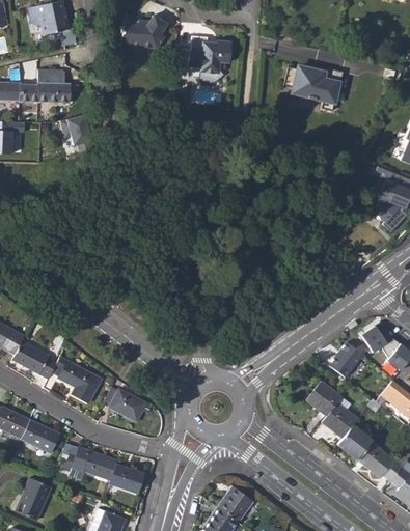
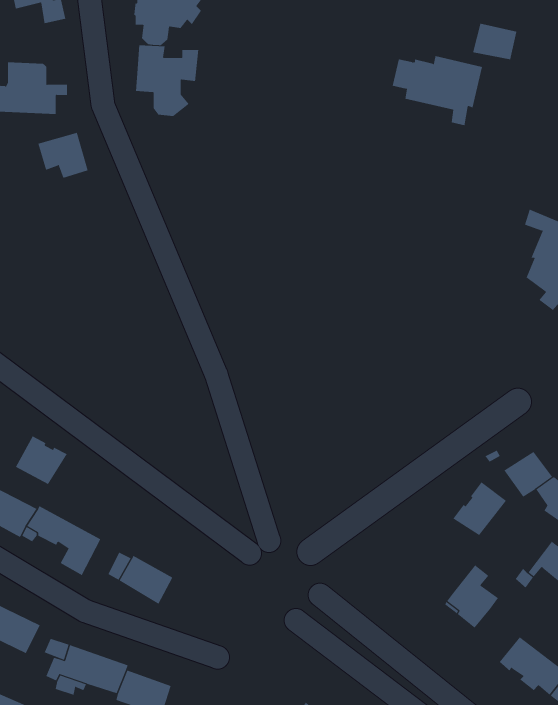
building: [190,34,231,81] -> [135,45,199,117]
building: none -> [473,23,517,60]
building: none -> [15,435,68,485]
building: [306,380,343,415] -> none
building: [339,424,374,458] -> none

